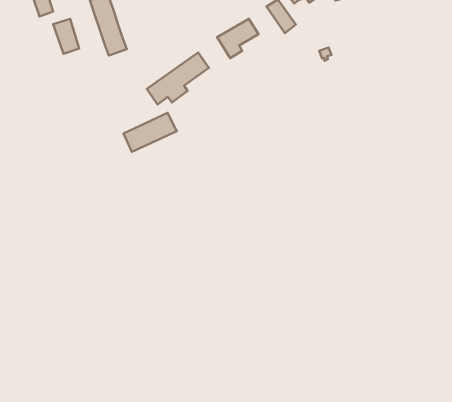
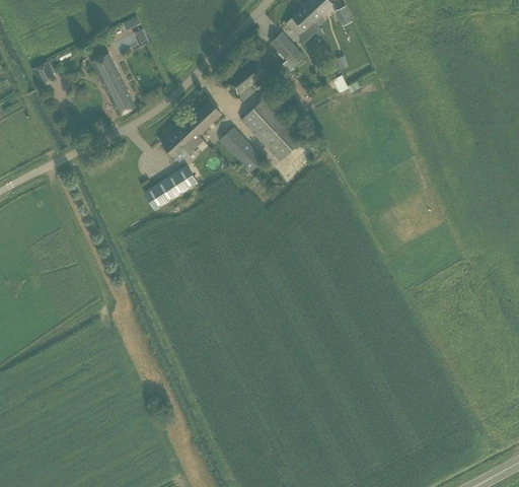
building: [53,19,79,54] -> none
building: none -> [241,93,305,160]
building: none -> [220,127,264,171]

